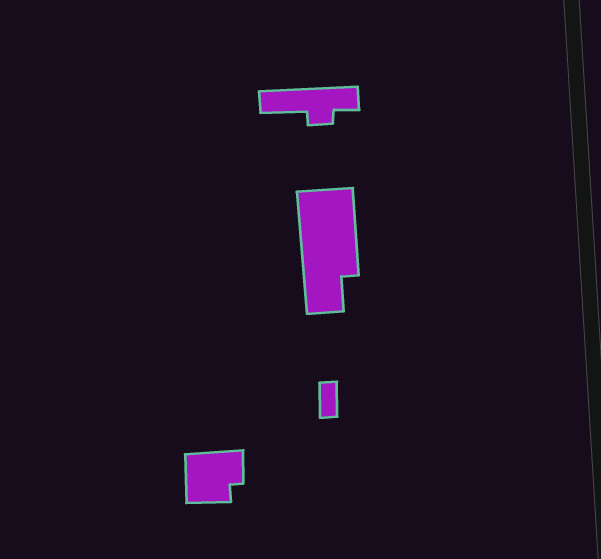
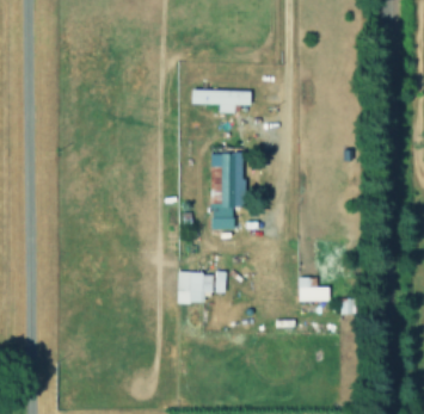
building: none -> [299,278,330,302]
building: [185,450,243,503] -> [177,273,214,304]

